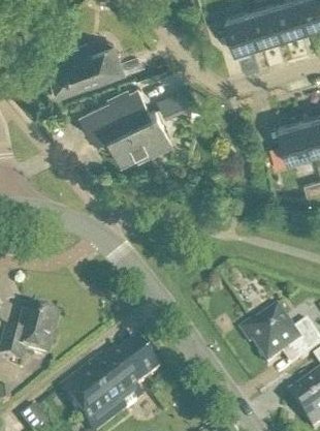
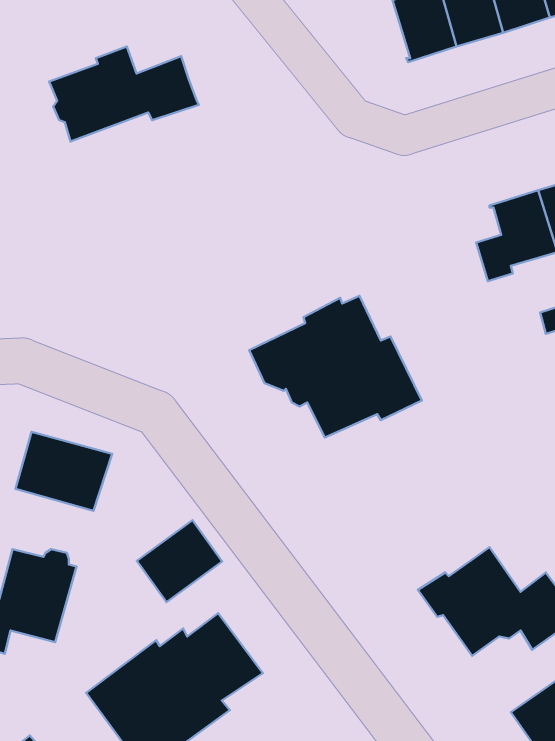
building: [78,85,170,160] -> [249,296,422,437]
building: none -> [15,432,112,511]
building: none -> [137,520,222,602]

